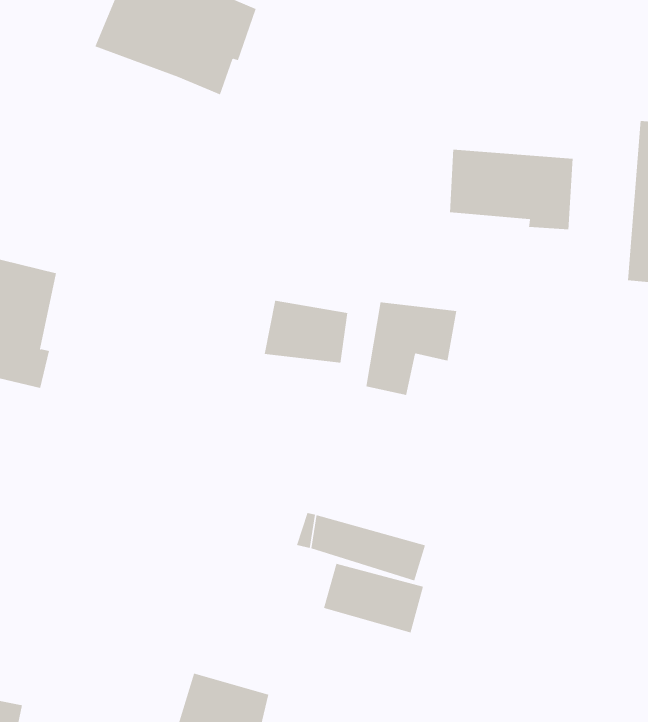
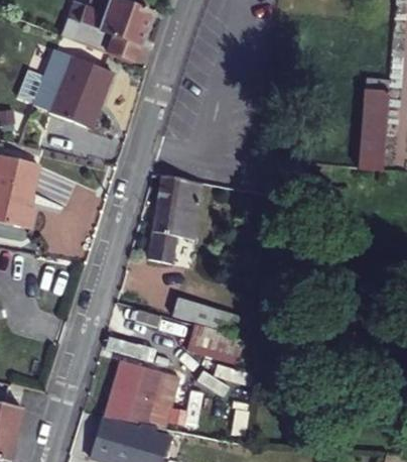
building: none -> [35,48,115,127]
building: [449,149,573,230] -> none
building: [366,302,457,395] -> [148,209,199,261]
building: none -> [116,361,166,399]

